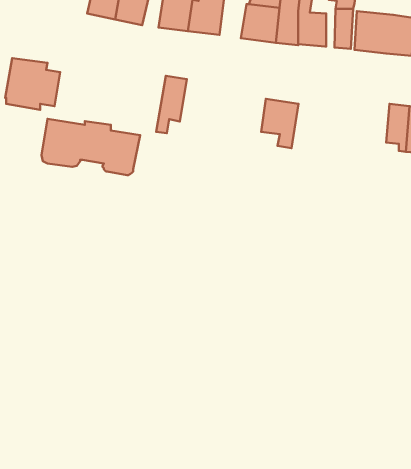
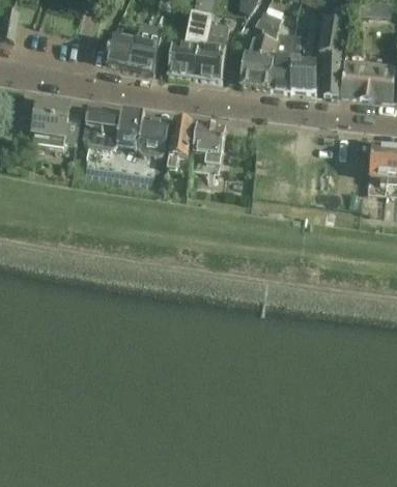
building: [261,99,299,148] -> [192,120,225,164]
building: [42,119,140,175] -> [82,105,169,154]

